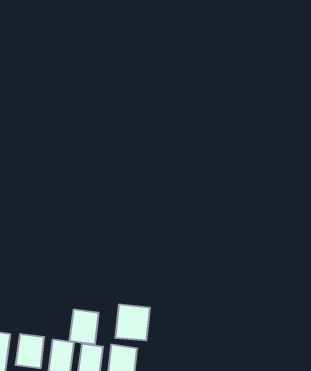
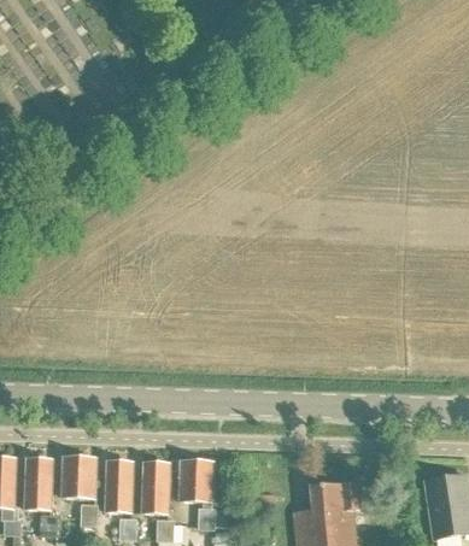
building: [115,304,150,341] -> none
building: [70,309,98,344] -> none

